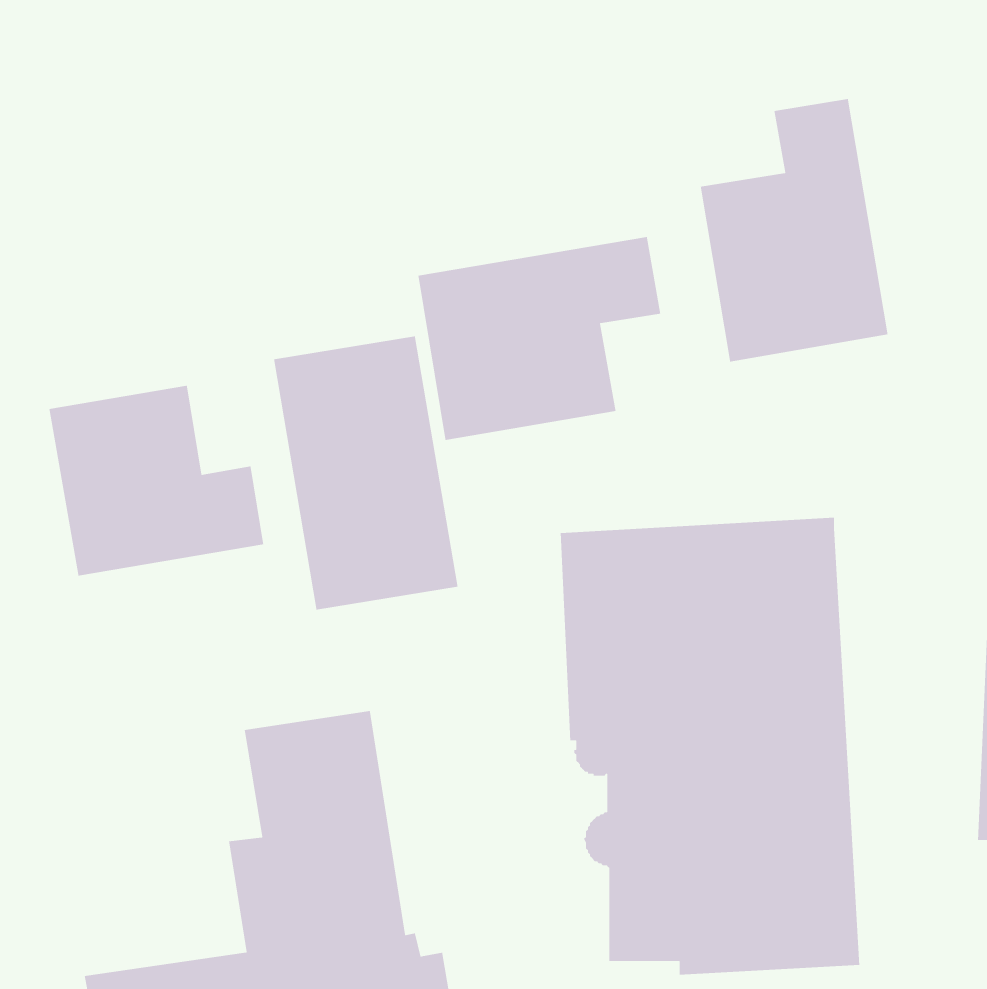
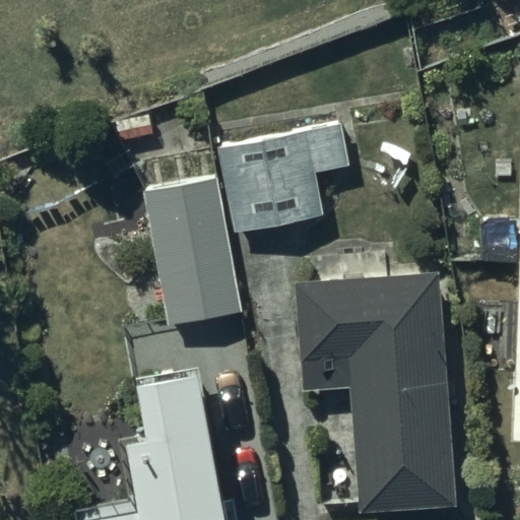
building: [700,98,889,363] -> none
building: [48,385,264,576] -> none

